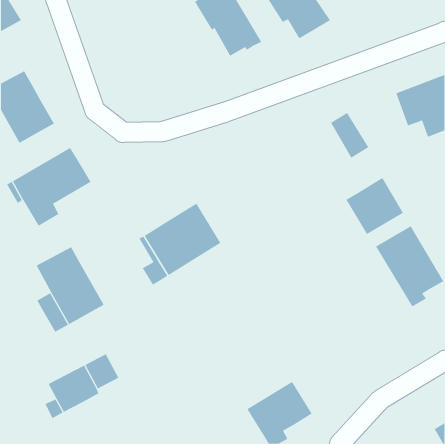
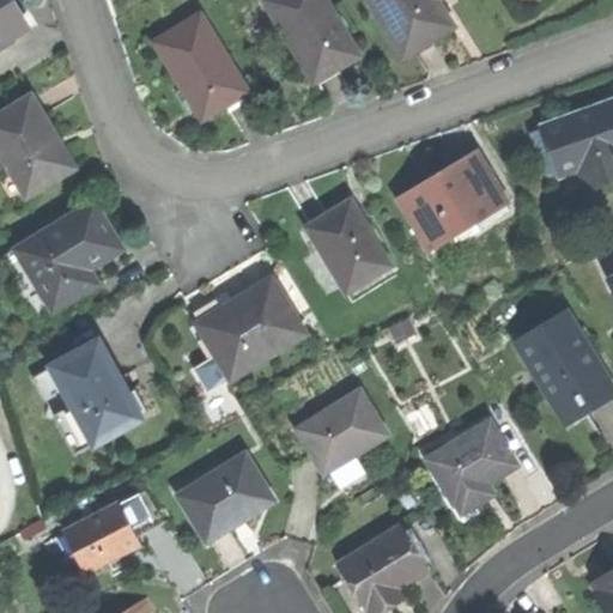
building: none -> [157,14,250,119]
building: none -> [305,201,389,293]
building: [345,177,404,235] -> [402,169,482,248]
building: none -> [297,388,388,471]
building: none -> [426,418,517,509]
building: none -> [178,451,272,536]

